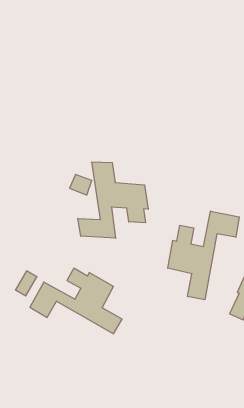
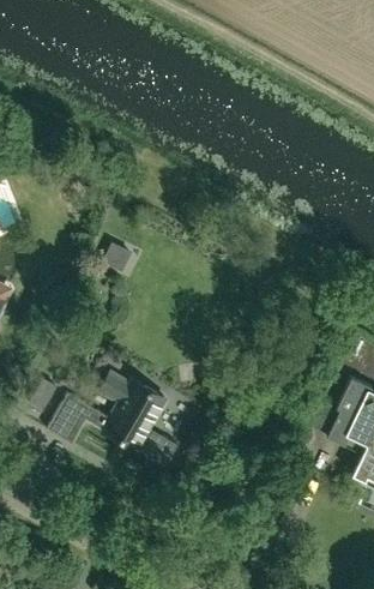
building: [78,162,148,238] -> none
building: [168,211,239,300] -> none

